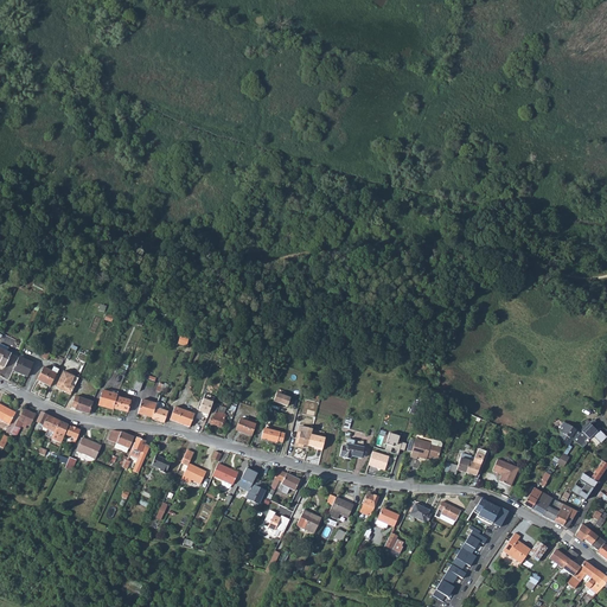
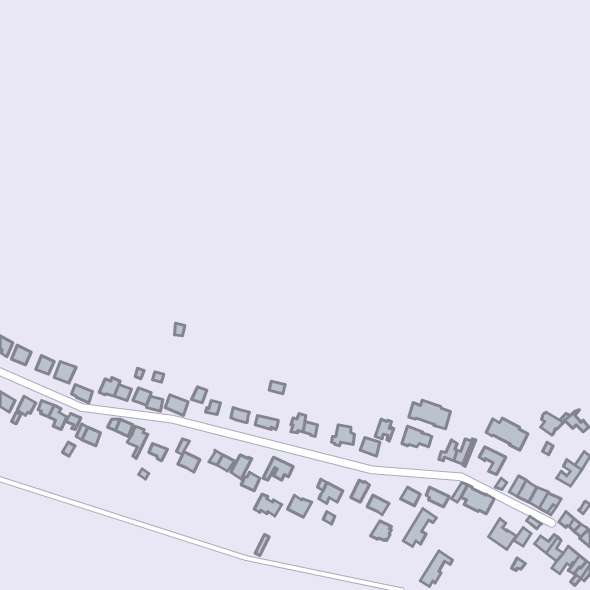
building: none -> [409,400,450,429]
building: none -> [486,418,528,450]
building: [452,531,486,570] -> [403,509,437,547]

